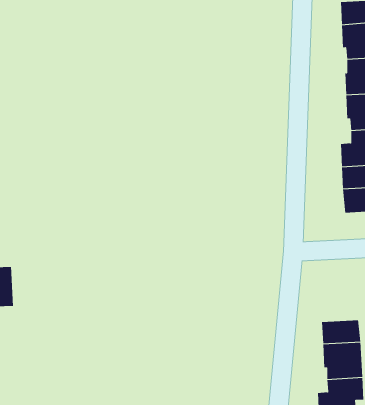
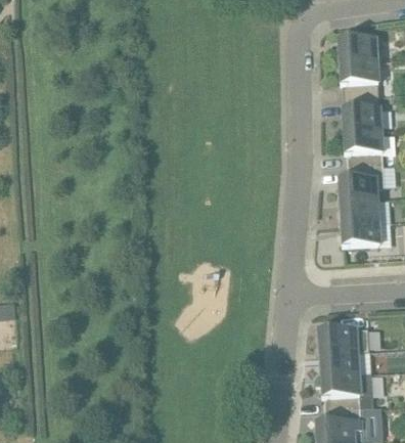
building: none -> [318,327,357,352]

